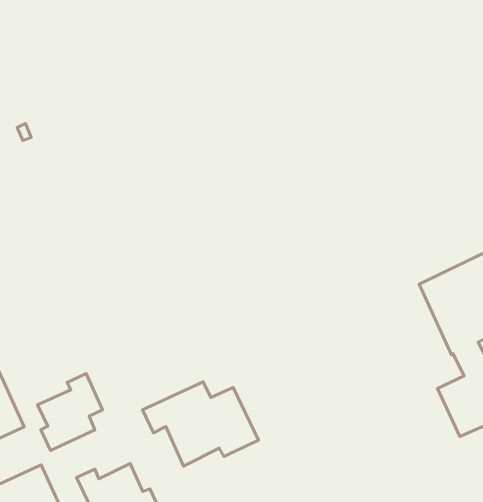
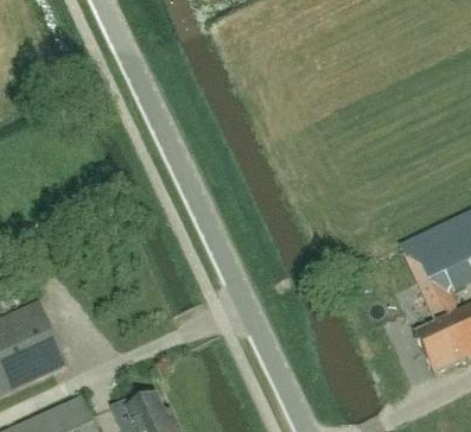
building: [37,374,102,450] -> none
building: [142,382,259,466] -> none

